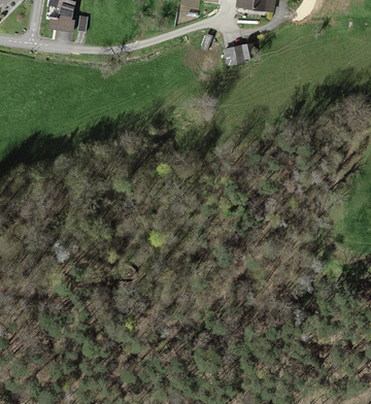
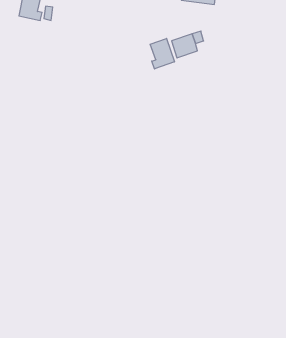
building: none -> [150,38,174,69]

